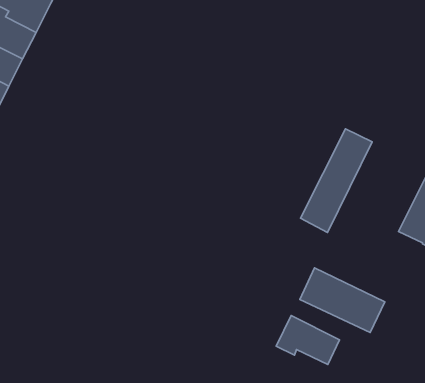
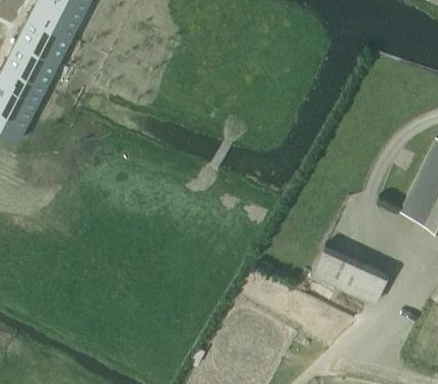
building: [300,129,372,232] -> none
building: [276,315,339,364] -> none

